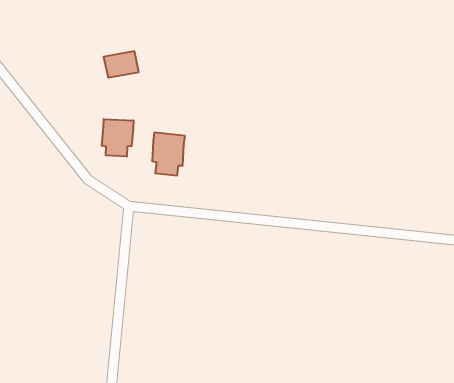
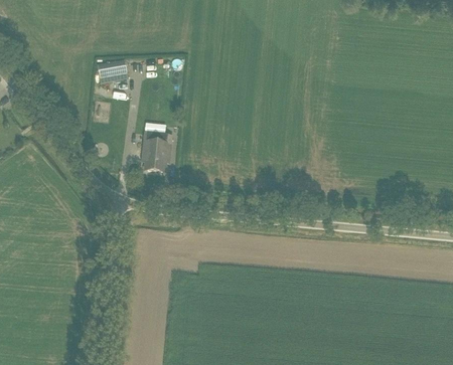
building: [102,119,133,157] -> none

